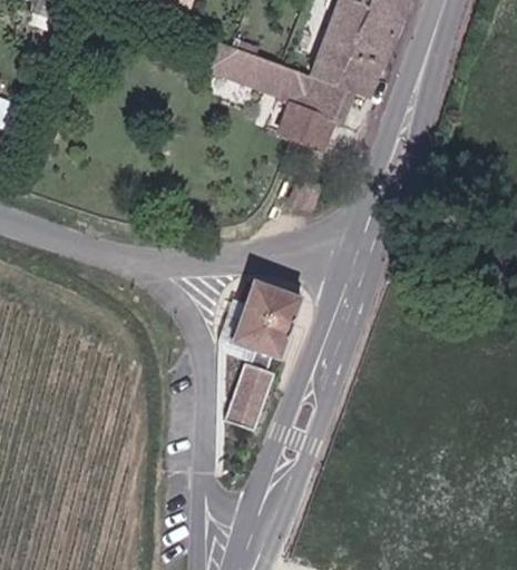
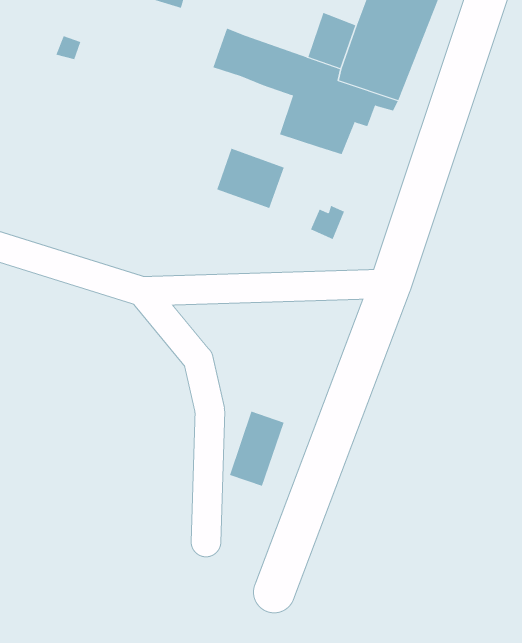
building: none -> [216,148,284,209]
building: [226,281,296,361] -> none

